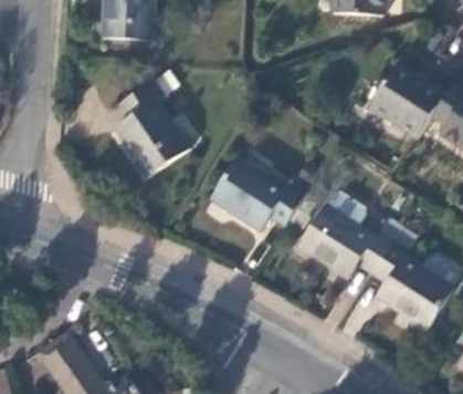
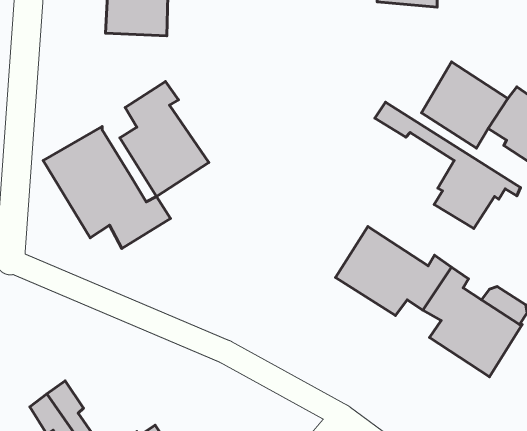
building: none -> [375,102,521,229]
building: none -> [43,127,171,249]
building: [209,156,306,231] -> none

